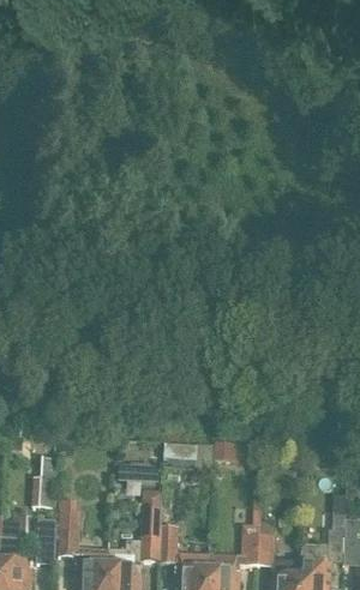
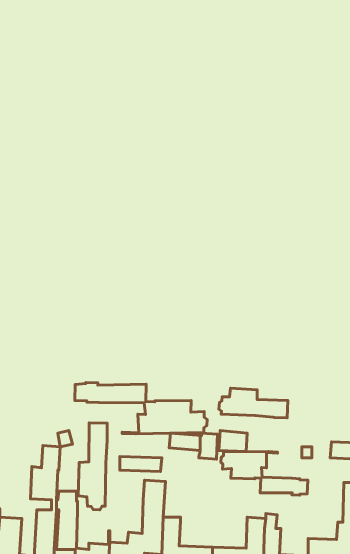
building: none -> [75,382,207,434]
building: none -> [219,388,288,418]
building: none -> [78,423,107,510]
building: none -> [221,452,308,495]

